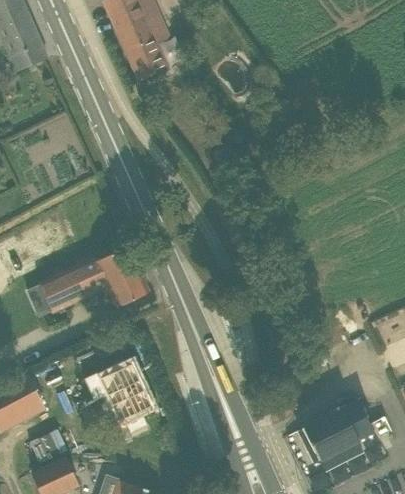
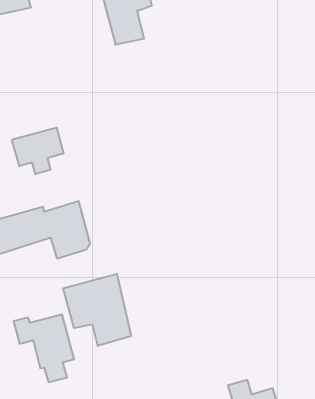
building: none -> [12,128,64,174]
building: none -> [63,274,131,346]

